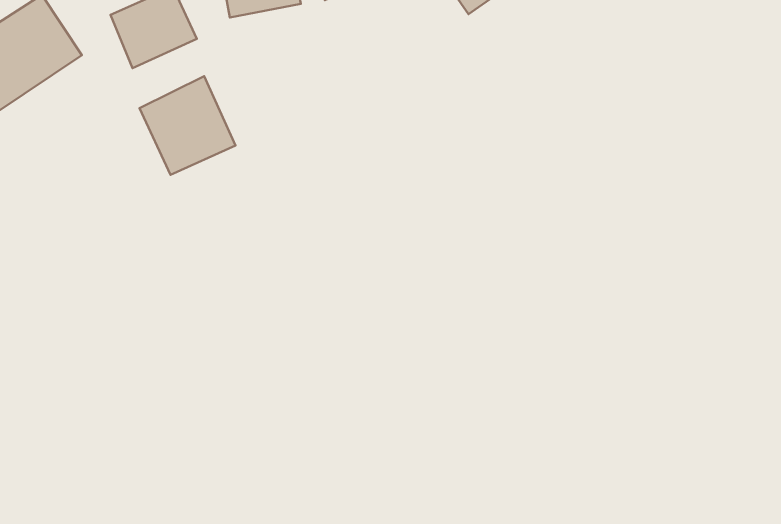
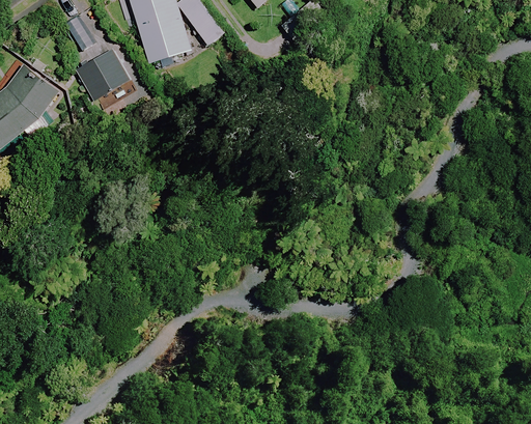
building: [139,76,236,175] -> none

